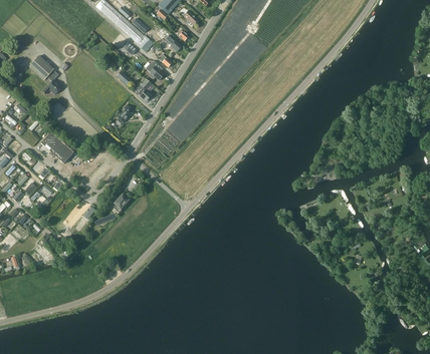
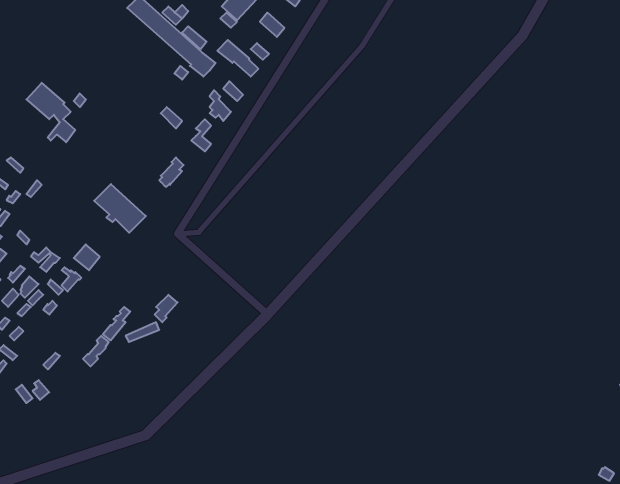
building: [40,131,74,163] -> [94,184,146,233]

